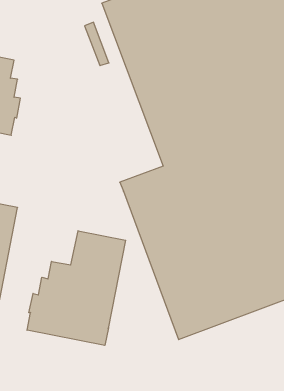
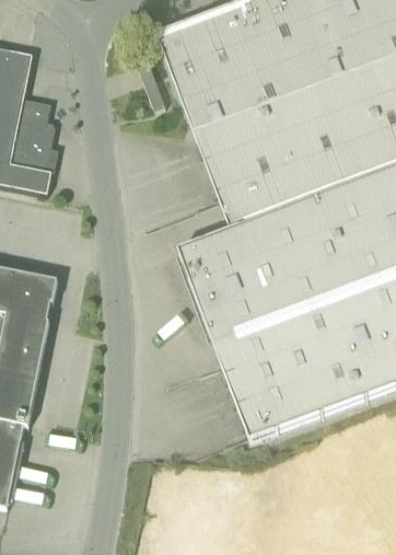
building: [27,231,126,345] -> none

